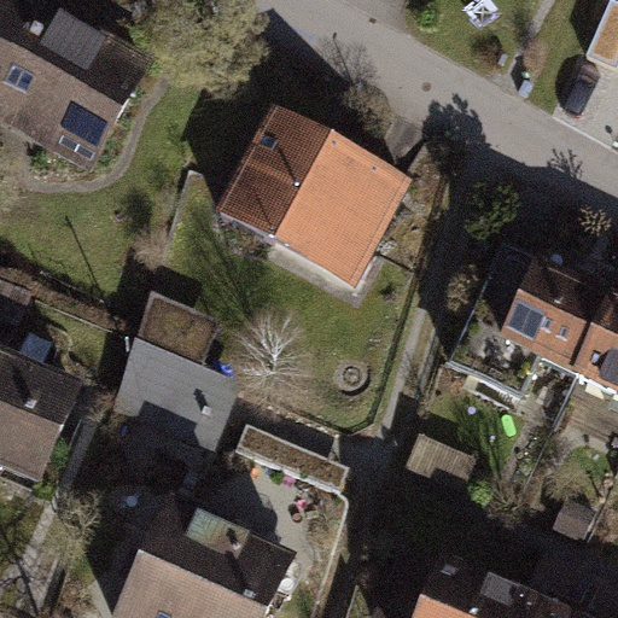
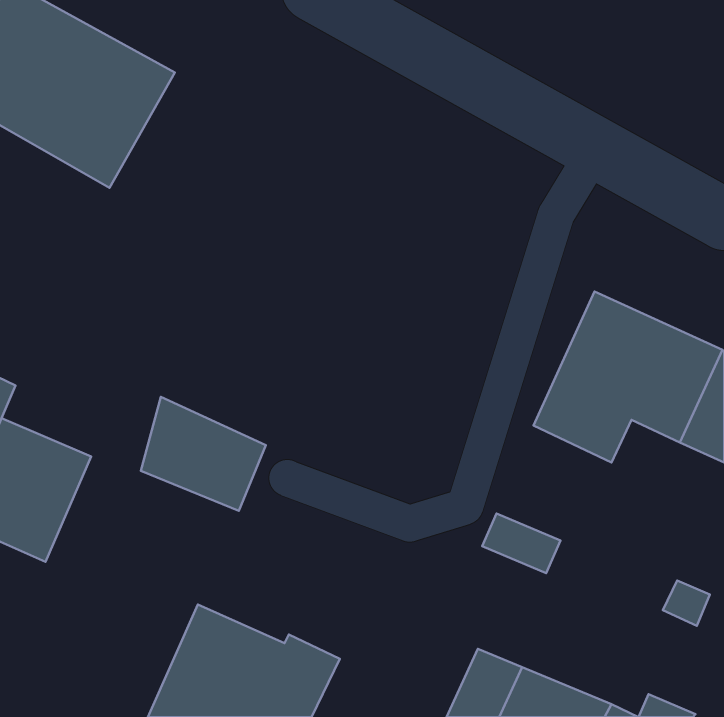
building: [222,112,408,282] -> none

